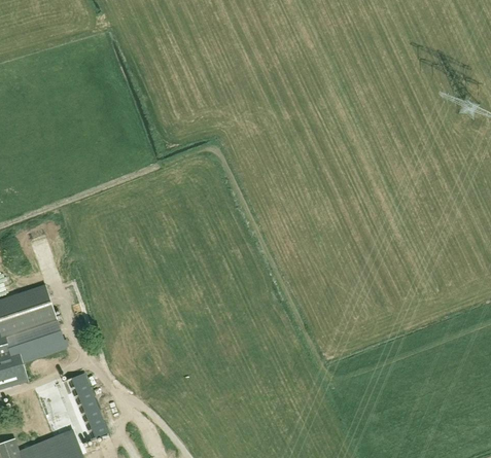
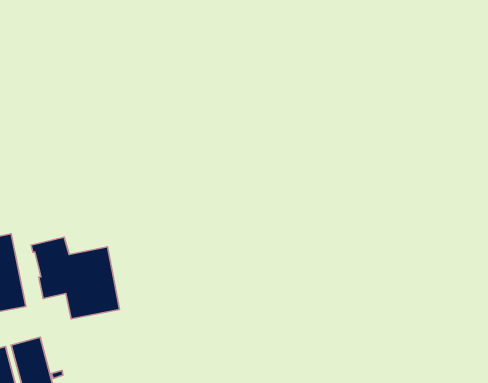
building: none -> [31,237,120,319]

